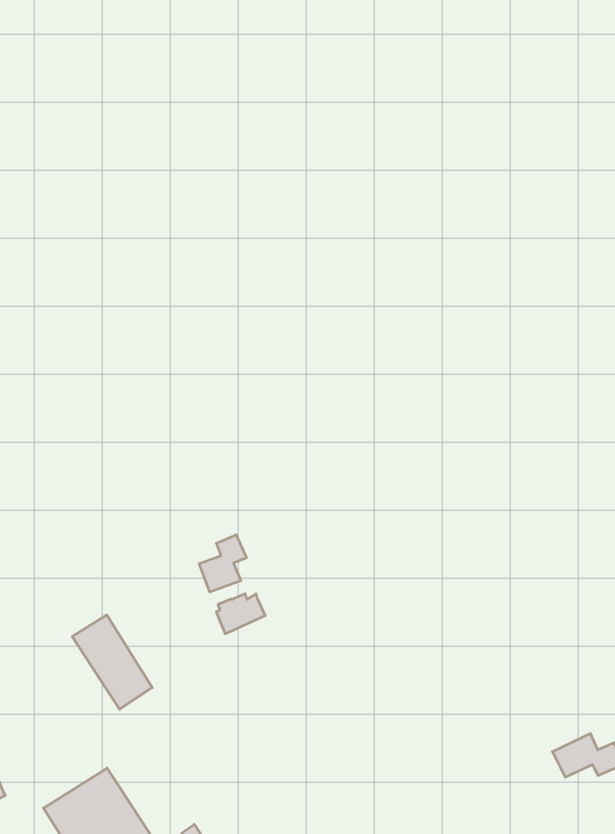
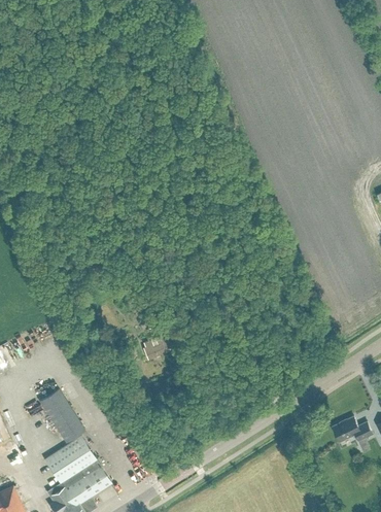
building: [199,535,246,592] -> none
building: [72,615,152,709] -> [40,389,85,443]

